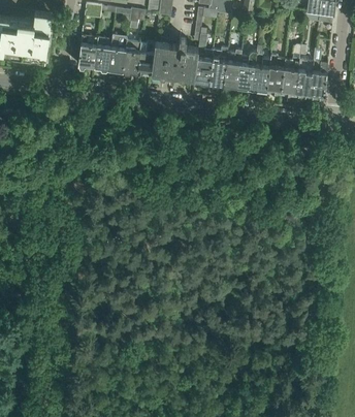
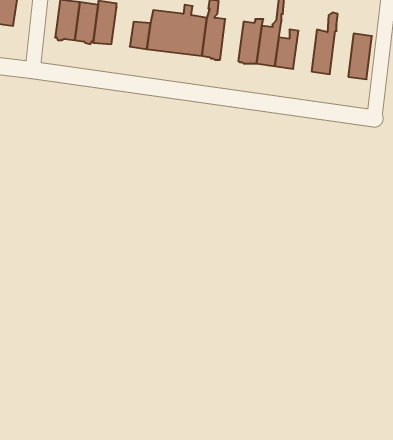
building: [122,42,140,74] -> none
building: [207,50,227,85] -> none
building: [265,57,284,93] -> none
building: [294,61,313,97] -> none

